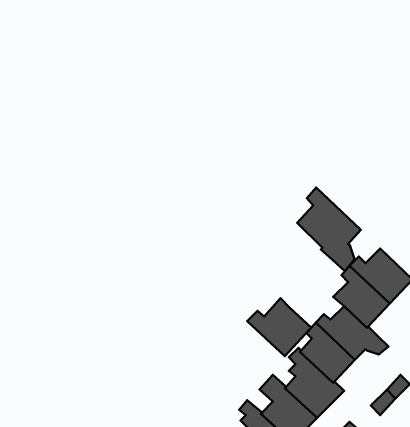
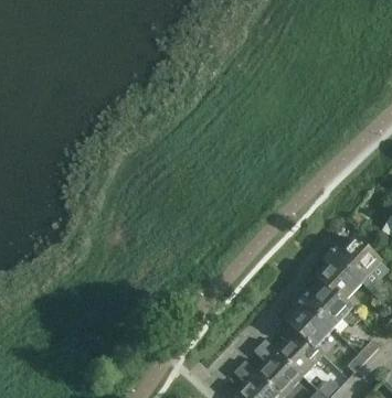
building: [297,188,361,271] -> none
building: [247,298,311,356] -> none

